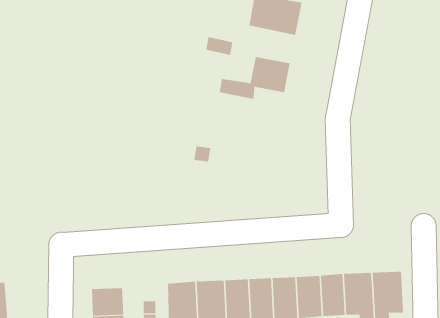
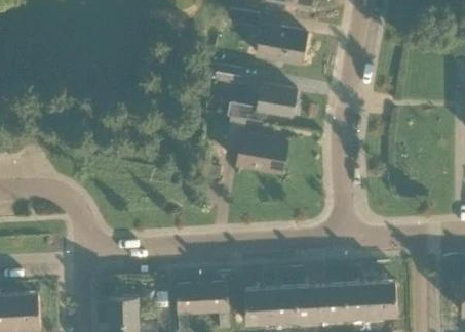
building: none -> [225,117,286,172]

